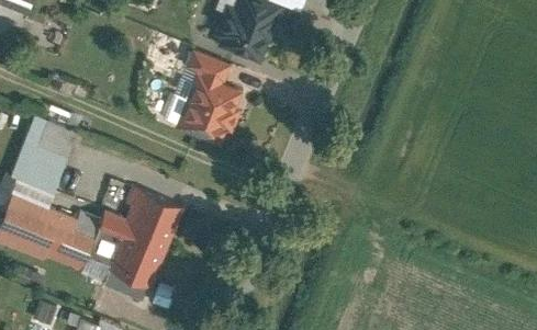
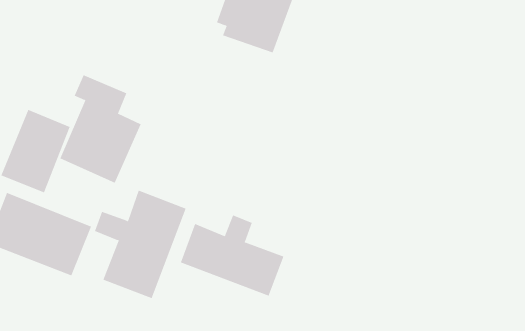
building: [170,48,246,149] -> [60,74,141,183]
building: none -> [180,215,284,297]

